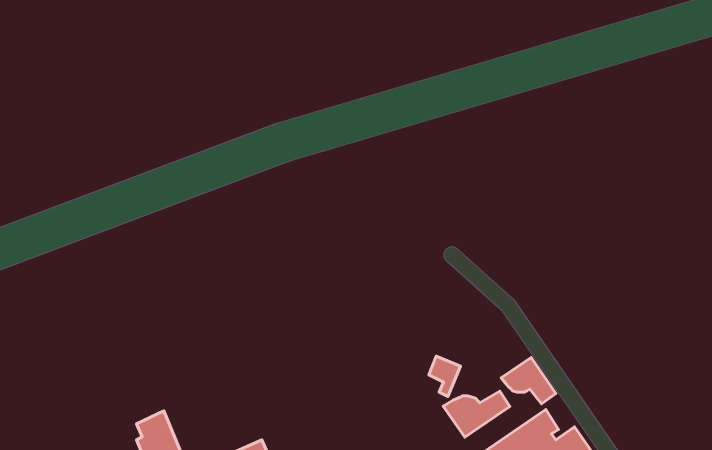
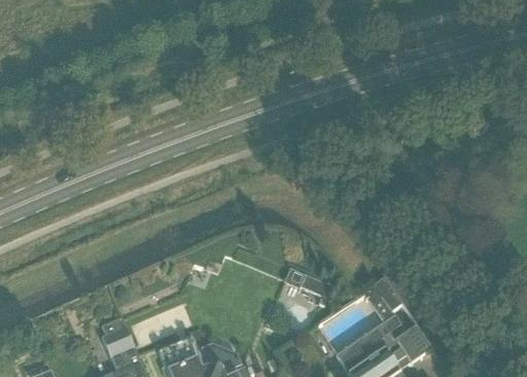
building: [443,391,510,437] -> none

